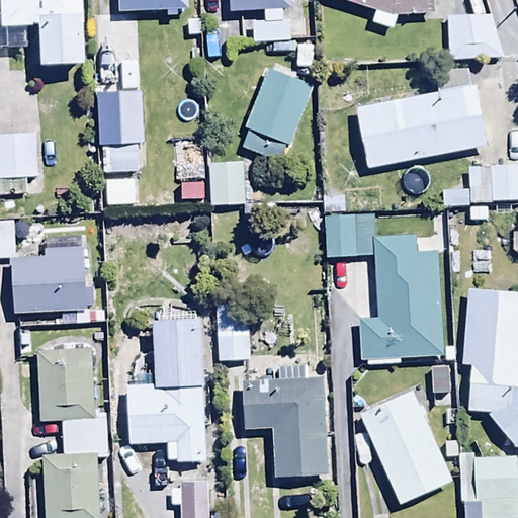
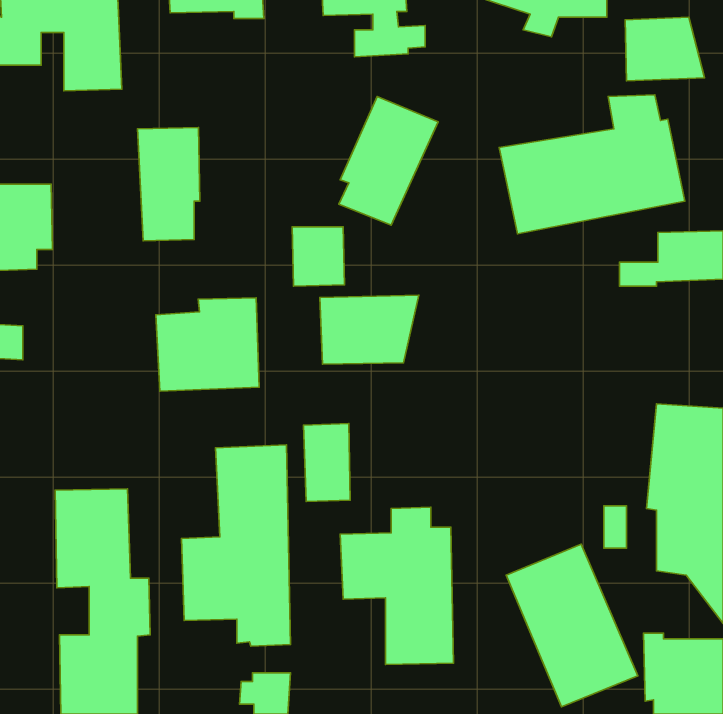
building: none -> [320,295,419,364]
building: [324,212,443,365] -> none
building: [13,247,87,314] -> [156,298,259,391]

